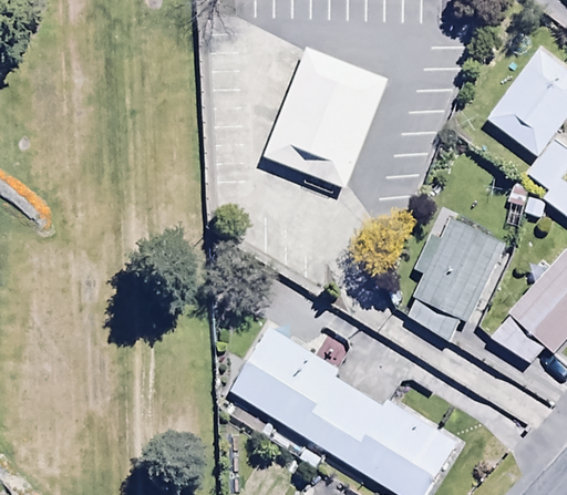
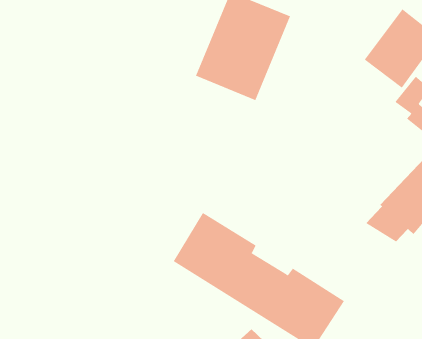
building: [409,220,505,344] -> none

